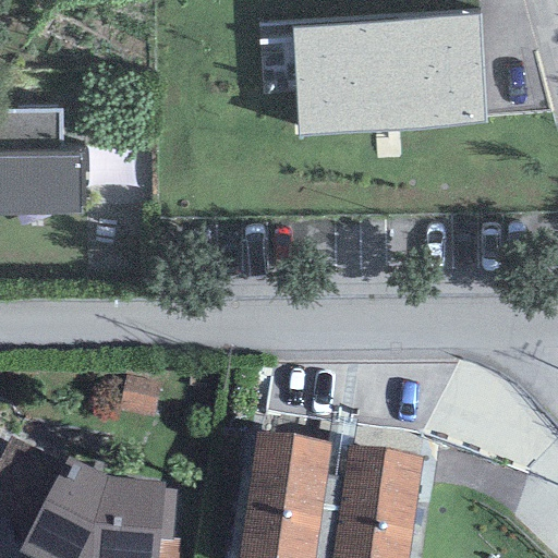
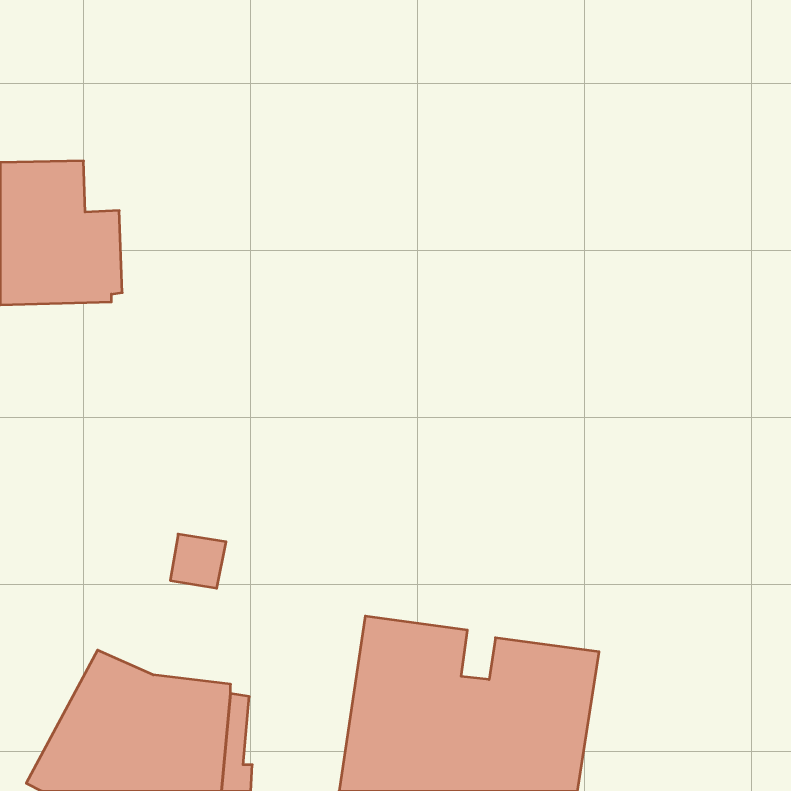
building: [292,19,484,132] -> none

